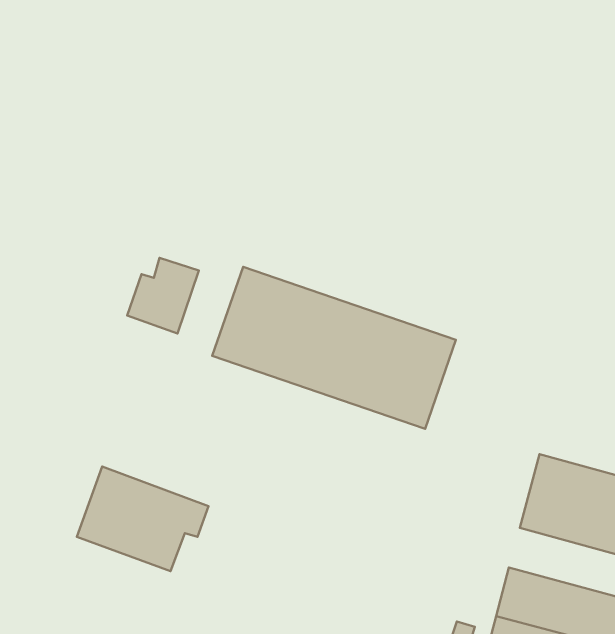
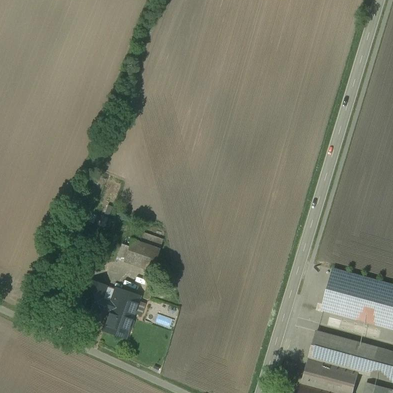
building: [127,258,199,334] -> [123,225,163,267]
building: [212,267,456,429] -> none

